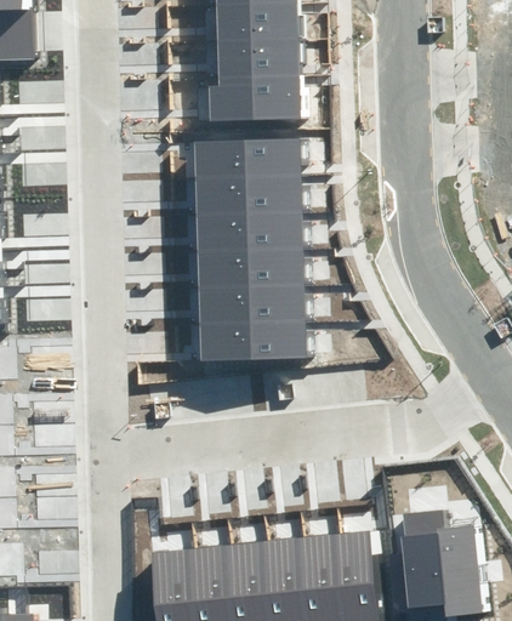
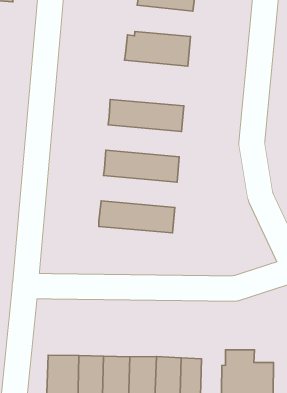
building: [217,40,298,79] -> none
building: [194,138,301,180] -> none
building: [197,212,303,252] -> none
building: [199,285,306,325] -> none

